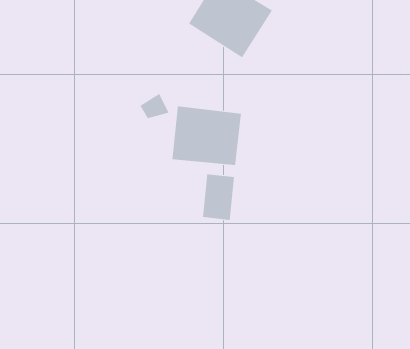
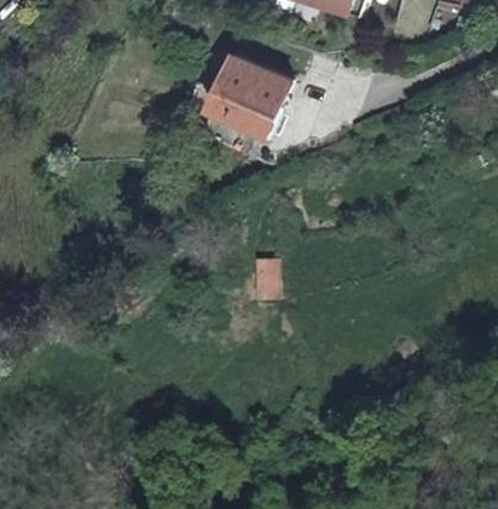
building: [172,106,241,166] -> none

